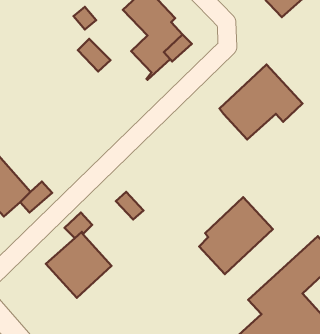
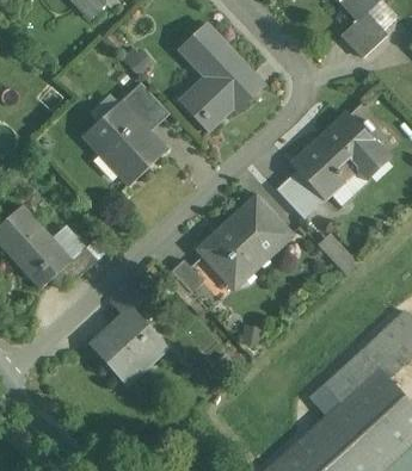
building: none -> [84,101,166,185]
building: none -> [276,169,324,218]
building: [199,197,273,274] -> [203,197,289,286]

